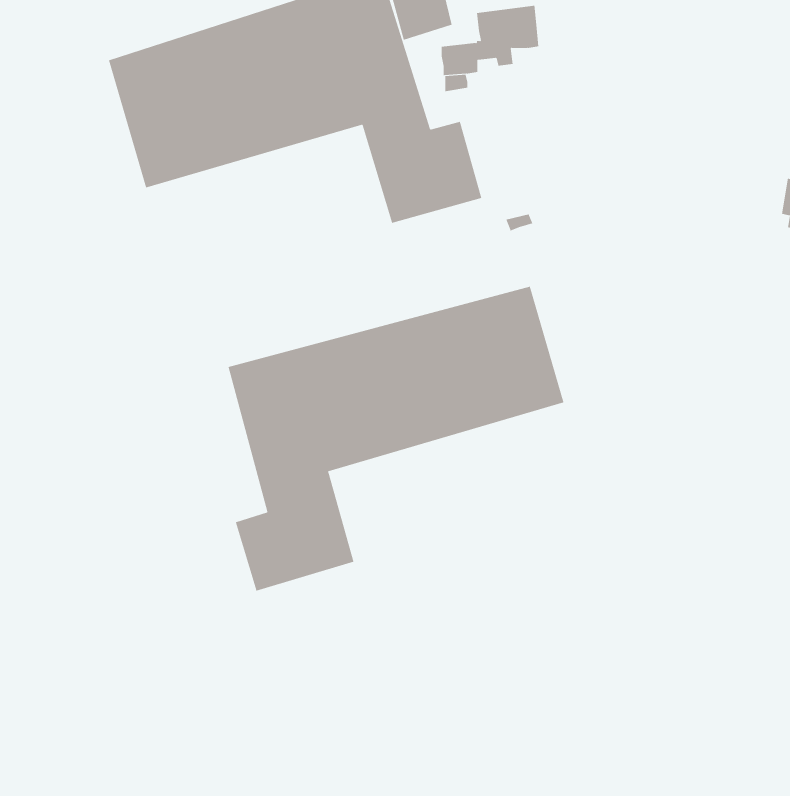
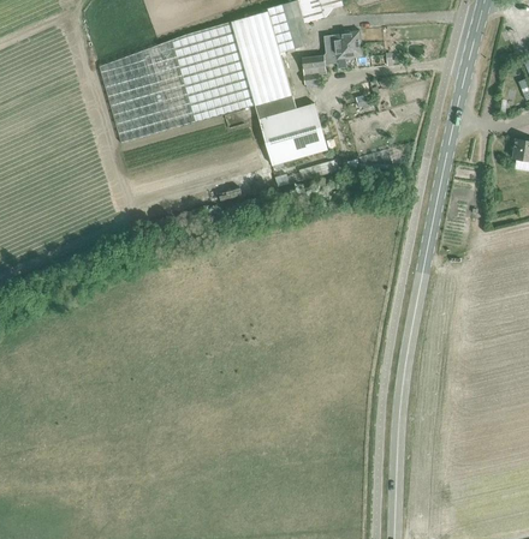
building: [228,286,564,592] -> none

